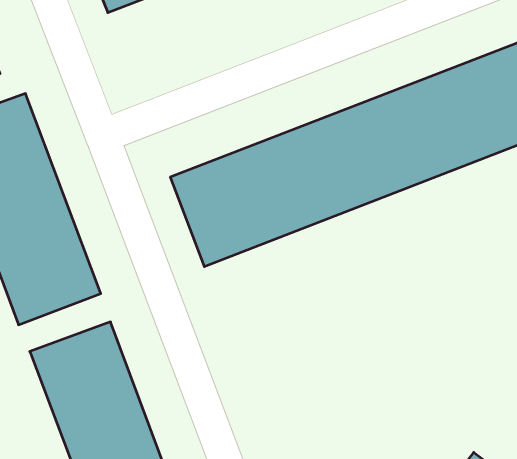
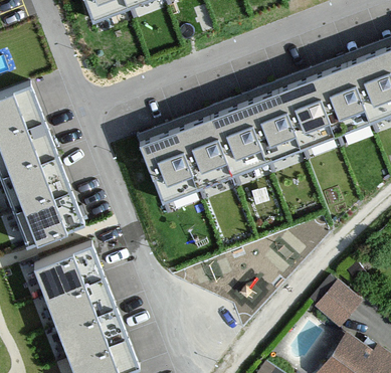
building: none -> [314,281,360,327]

